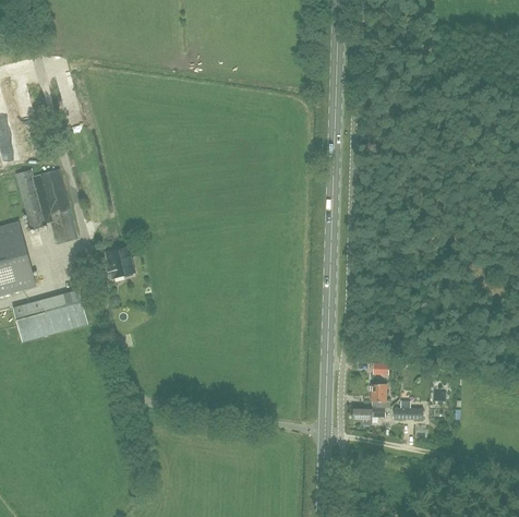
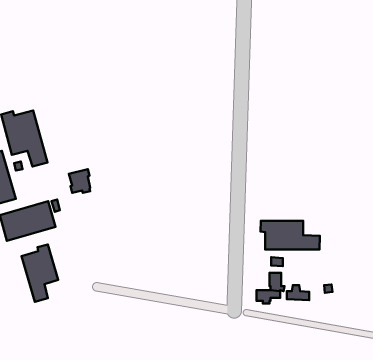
building: none -> [261,221,320,250]
building: none -> [21,244,58,302]

